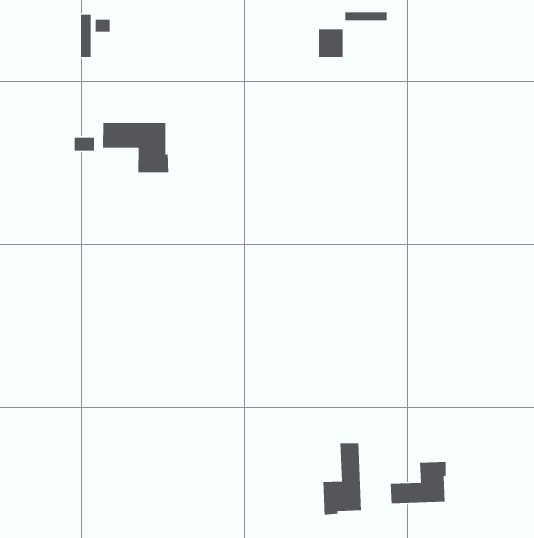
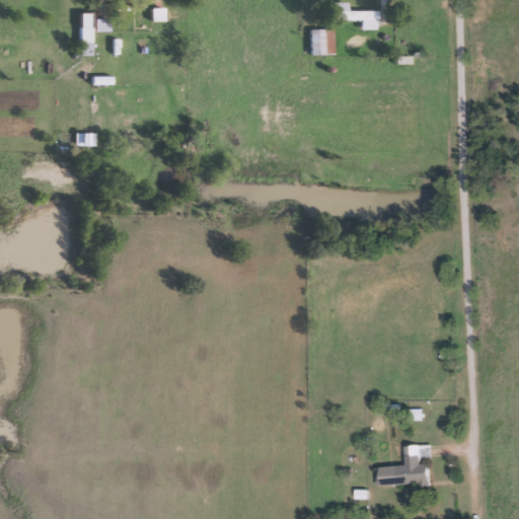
building: [102,122,169,173] -> none
building: [323,442,362,516] -> none

